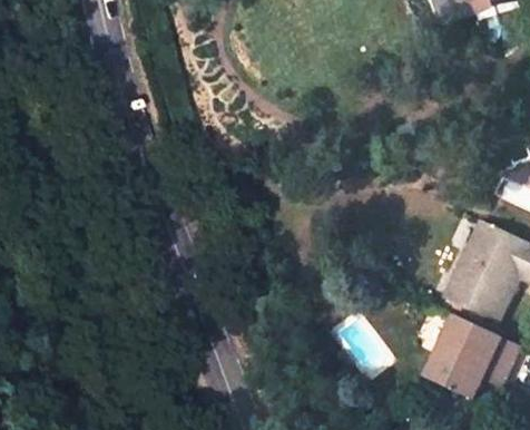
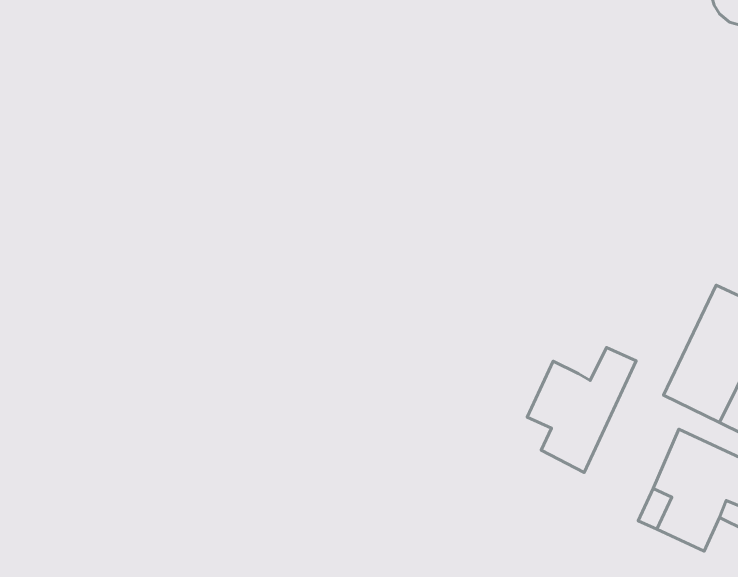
building: none -> [527,348,636,472]

